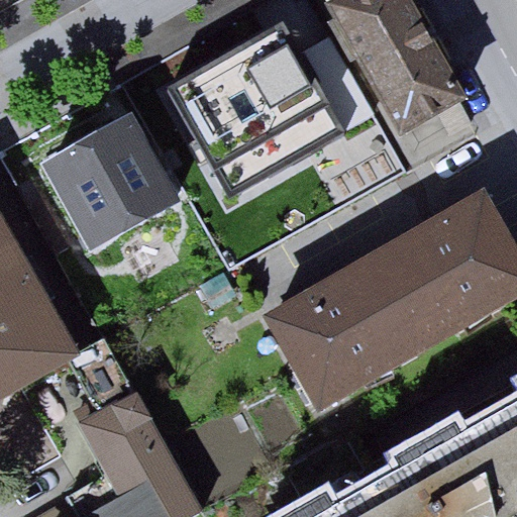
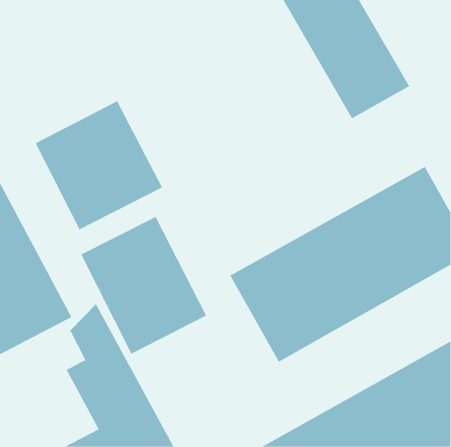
building: [182,28,377,187] -> none
building: none -> [80,216,207,355]

